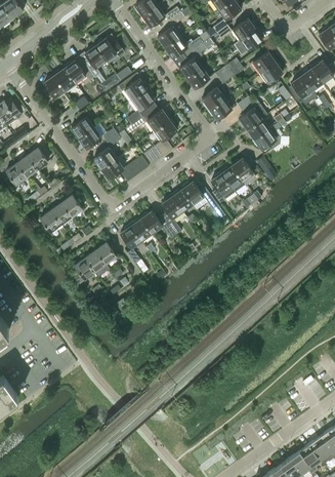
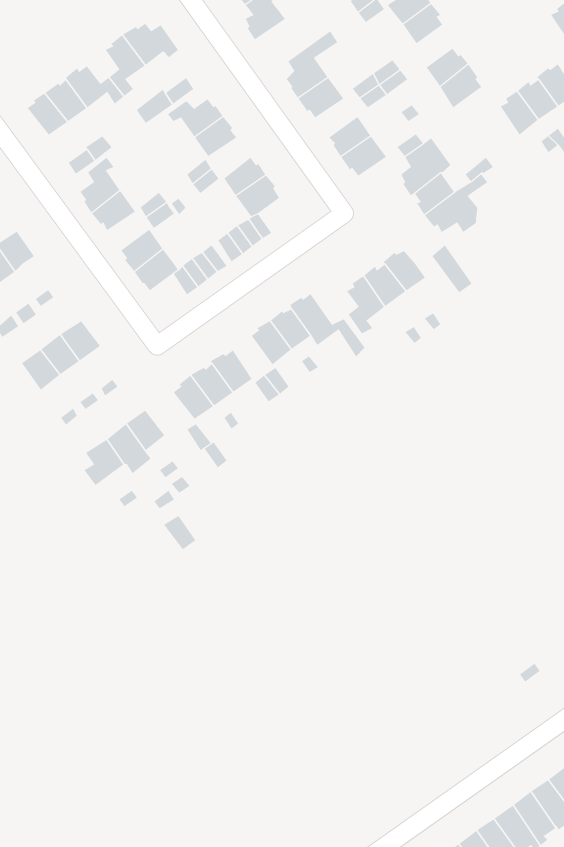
building: [163,37,203,59] -> none

